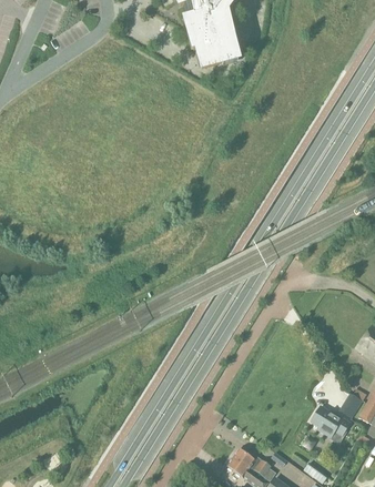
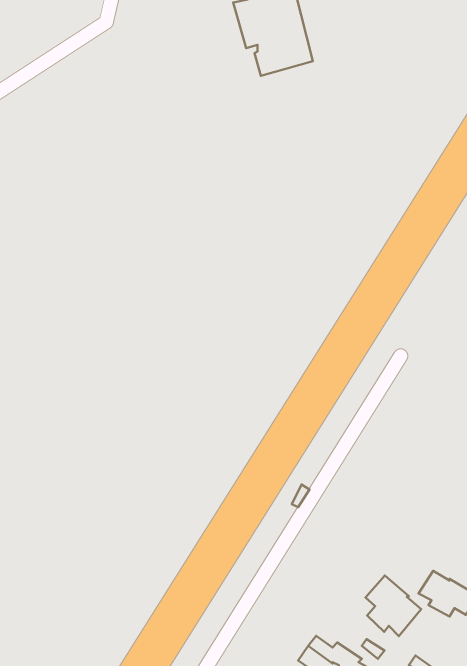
building: none -> [366,575,421,636]

